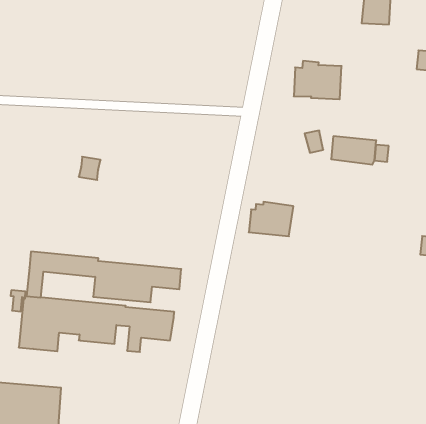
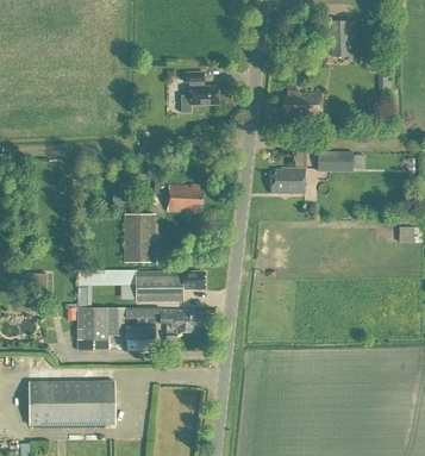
building: none -> [181,71,218,112]
building: none -> [168,185,202,214]
building: none -> [124,215,155,264]
building: [249,202,293,236] -> [270,168,305,194]

